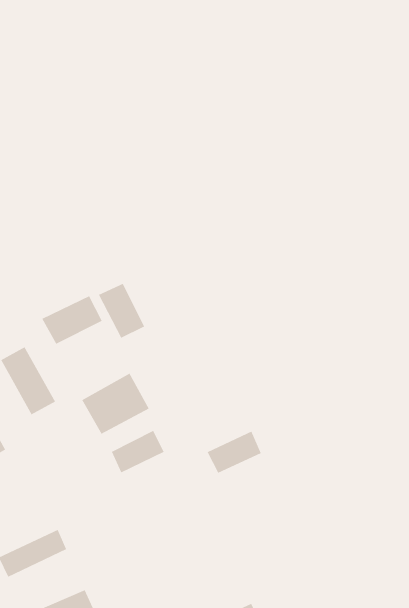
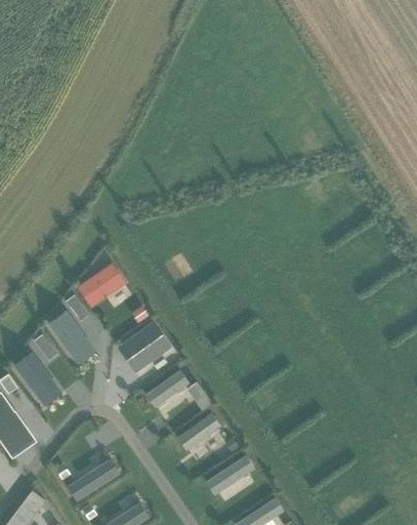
building: [98,283,145,339] -> none
building: [206,430,262,474] -> [177,408,221,446]
building: none -> [207,453,256,493]

